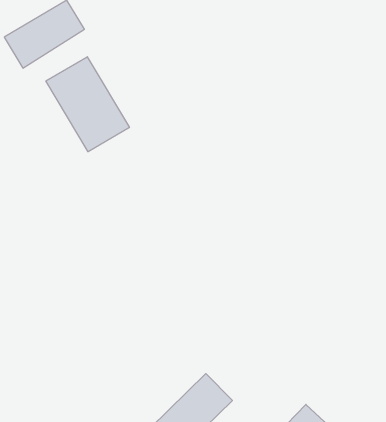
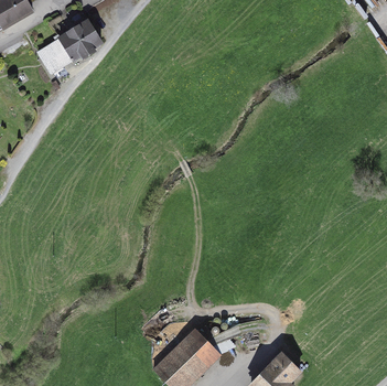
building: [46,57,129,152] -> none

